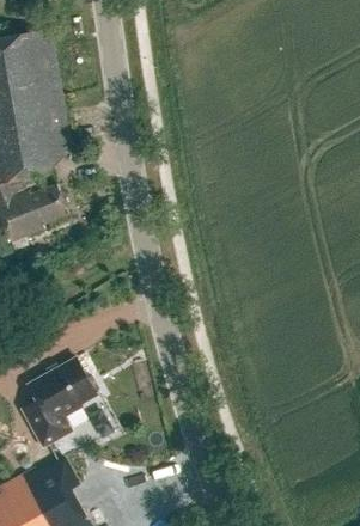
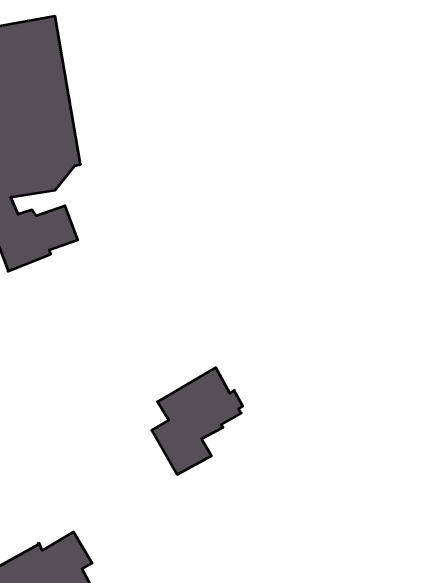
building: [20,357,97,447] -> [152,368,243,474]

